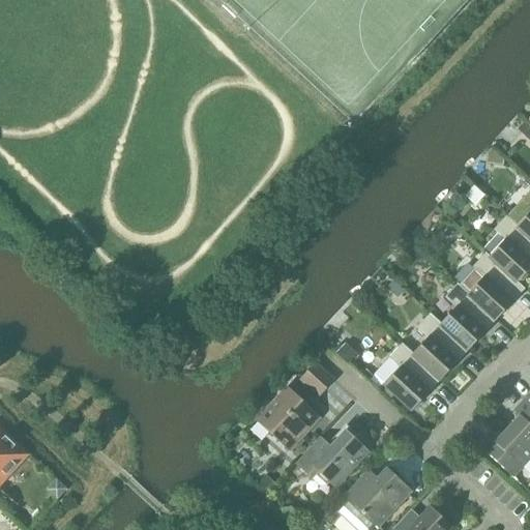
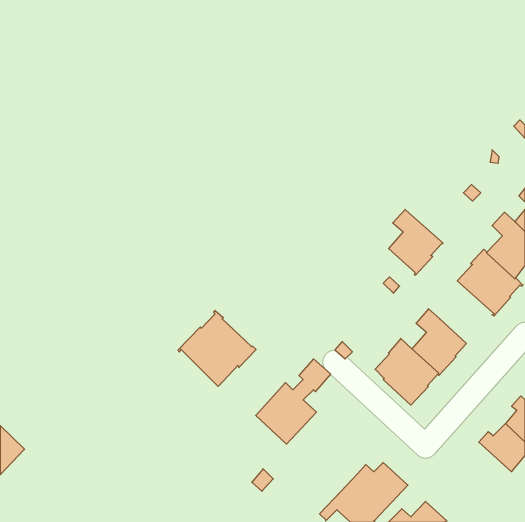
building: [443,283,498,349] -> [389,209,443,275]
building: none -> [178,310,256,386]
building: [296,429,367,487] -> none

